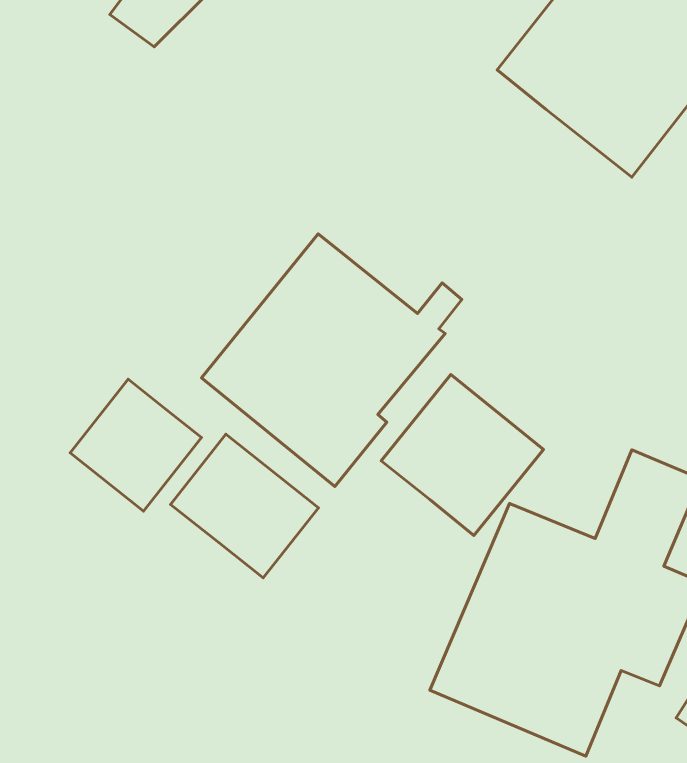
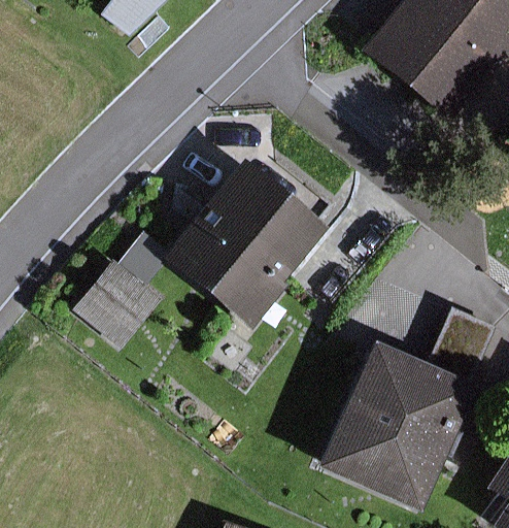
building: [381,374,543,536] -> none
building: [170,434,319,578] -> none

